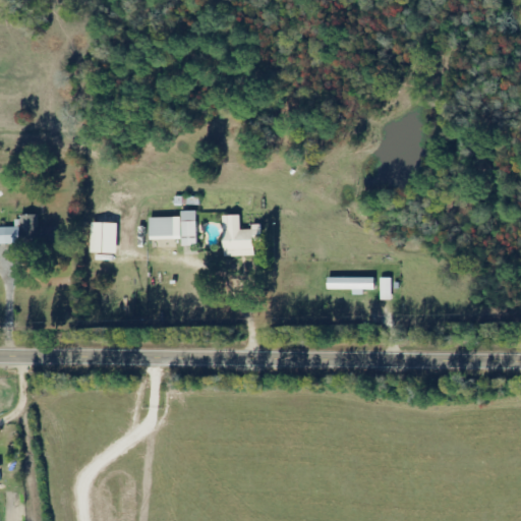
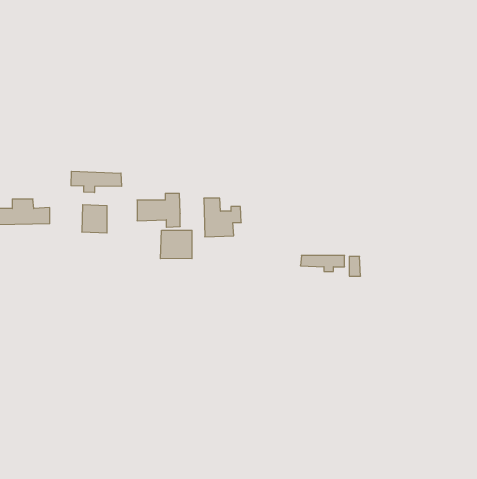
building: none -> [71,171,122,193]
building: none -> [161,230,192,259]

